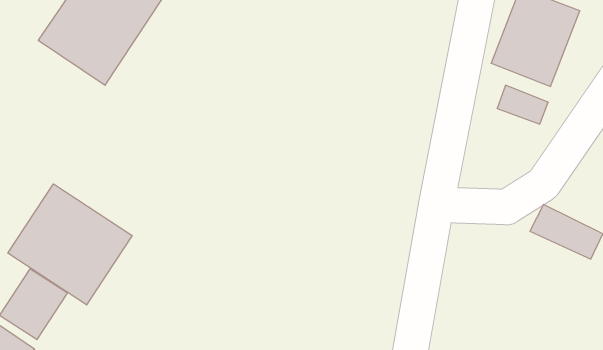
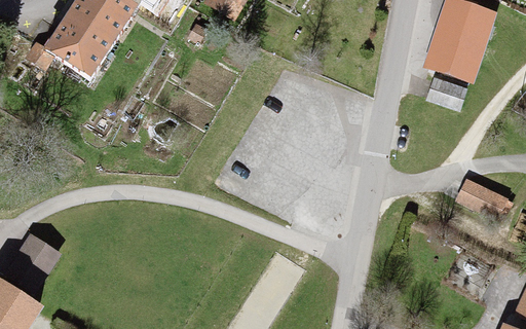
building: [8,184,132,305] -> none

